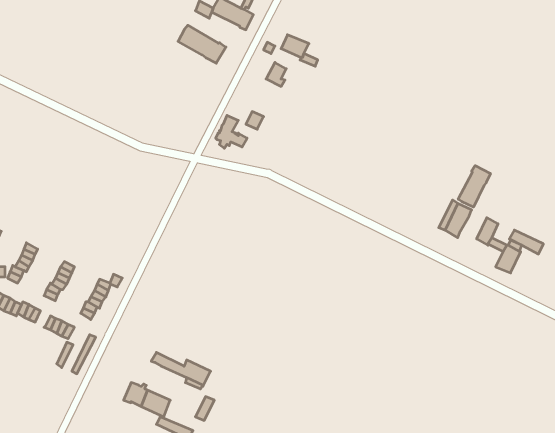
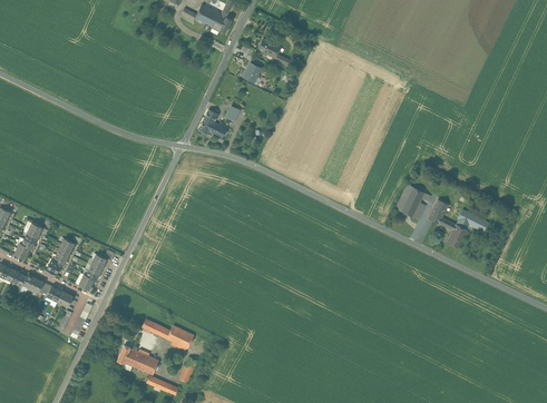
building: [178,25,226,63] -> none
building: [458,166,490,207] -> none

